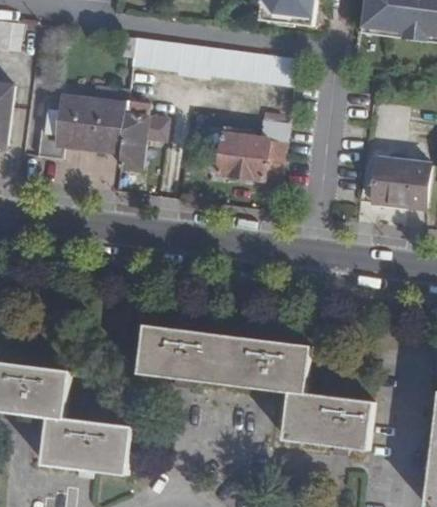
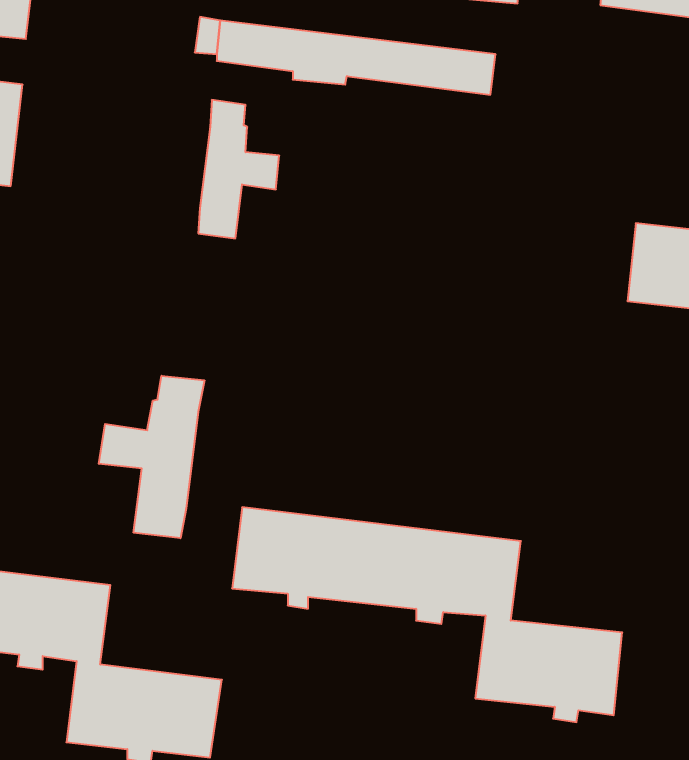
building: [37,93,126,156] -> none
building: [217,118,288,179] -> none
building: none -> [99,376,204,538]

